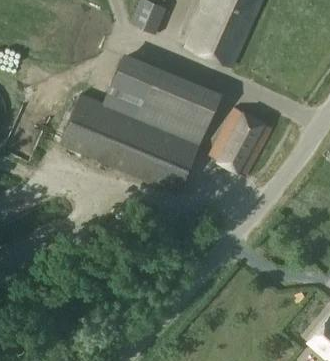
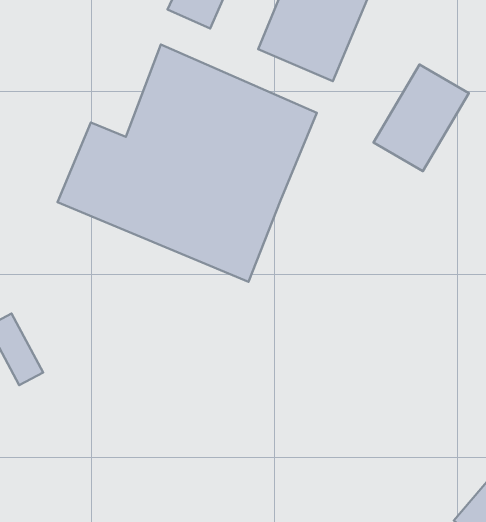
building: [211,109,271,176] -> [373,64,469,171]

